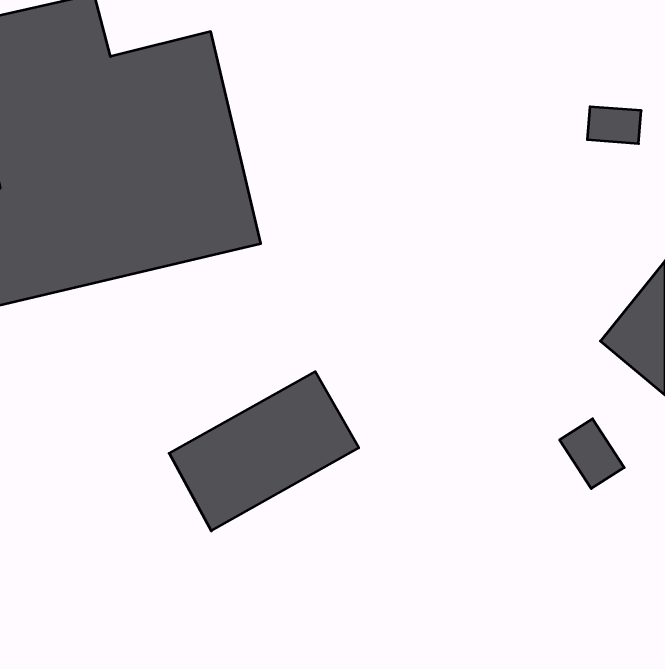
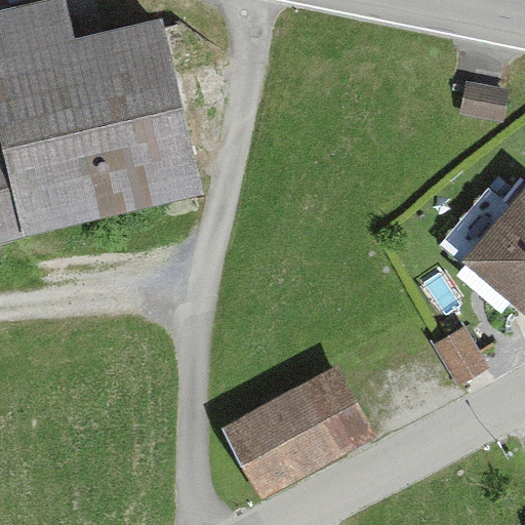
building: [169,372,359,531] -> [221,369,369,493]

